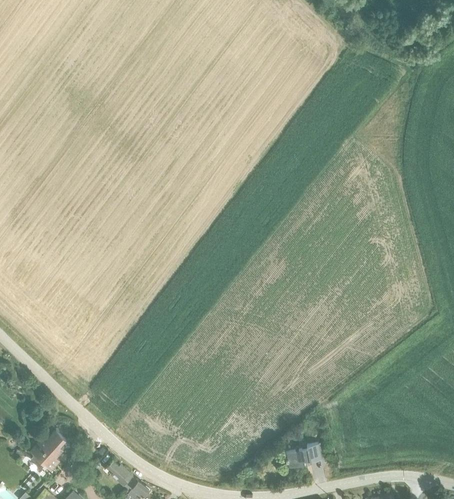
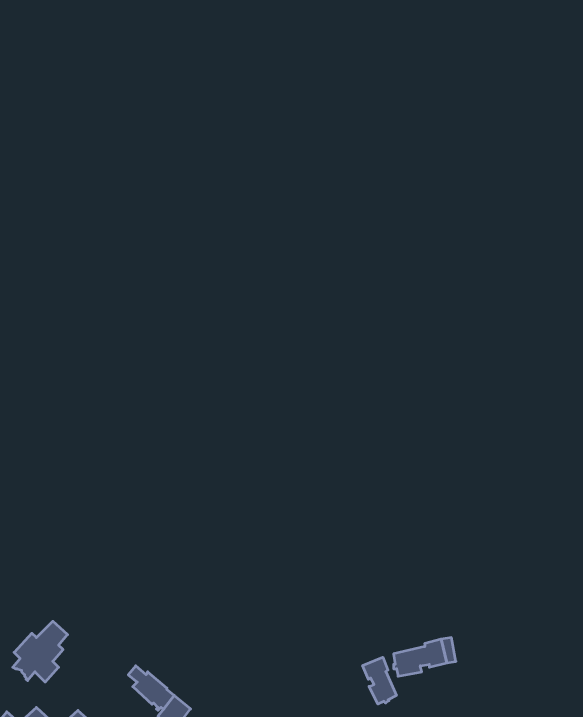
building: none -> [363,657,396,704]

